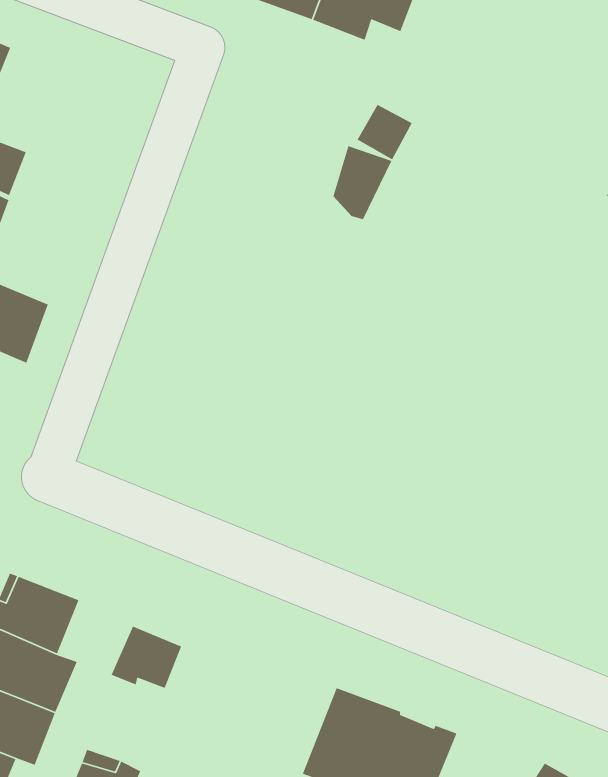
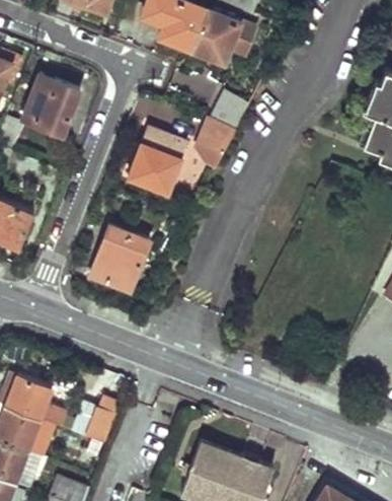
building: none -> [20,74,79,134]
building: none -> [130,130,188,195]
building: none -> [92,227,149,294]

